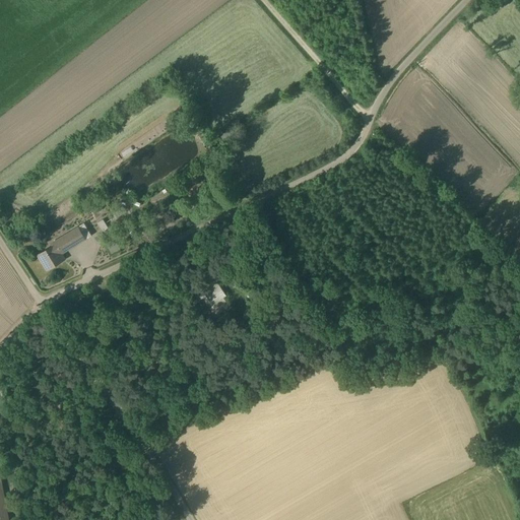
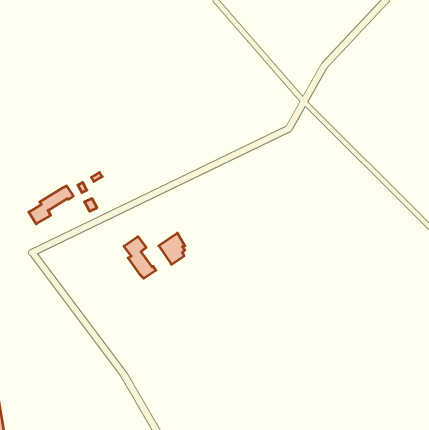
building: none -> [124,237,156,278]

